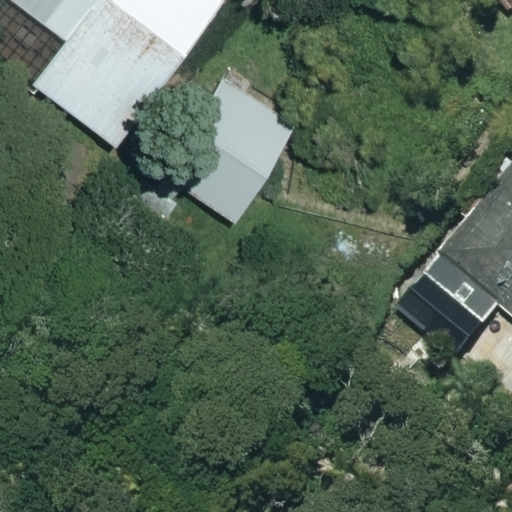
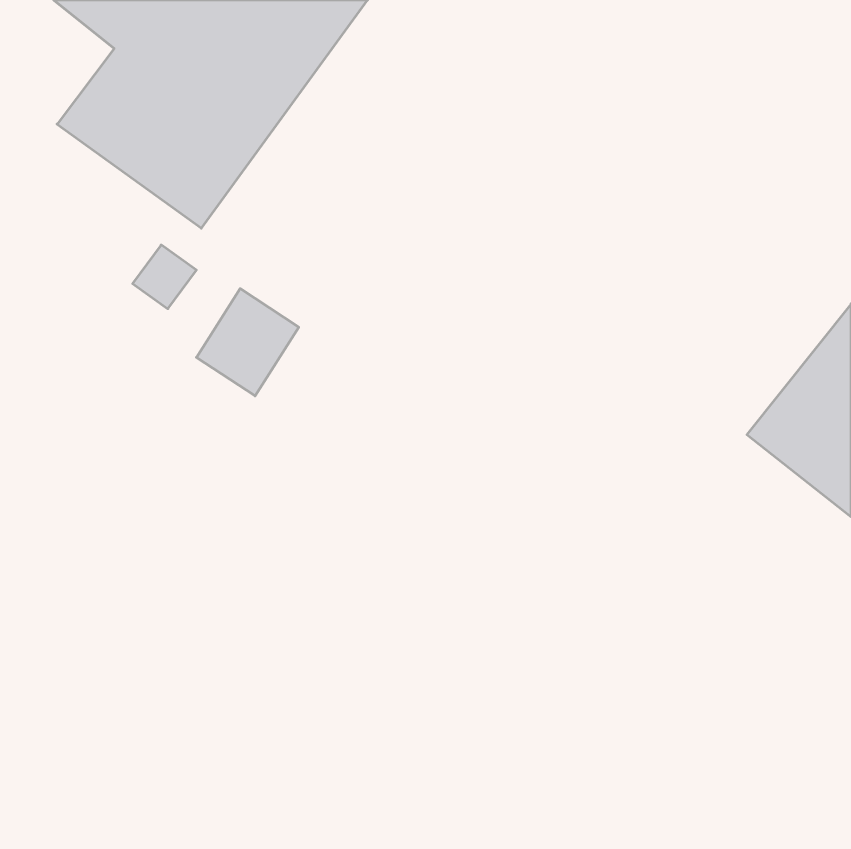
building: [165,79,300,221] -> none

